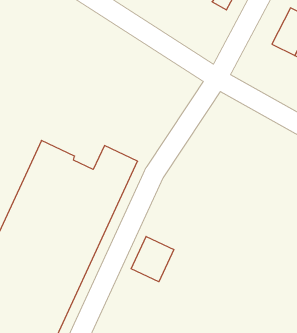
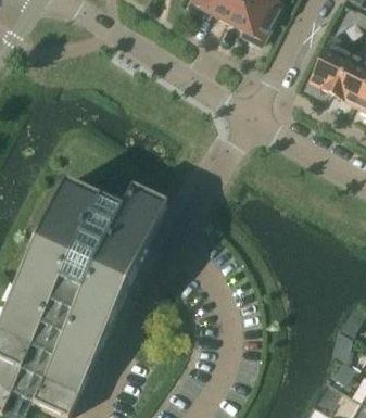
building: [131,236,174,282] -> none

